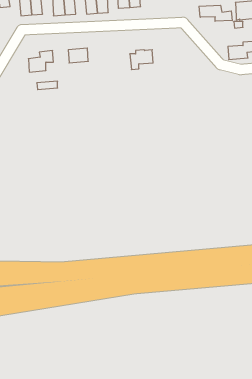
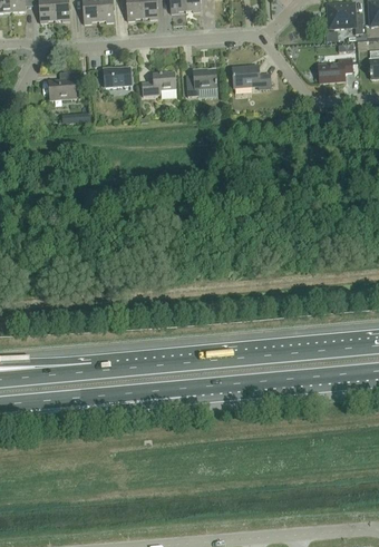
building: [199,5,232,21] -> none
building: none -> [233,65,271,87]
building: none -> [142,70,177,97]

